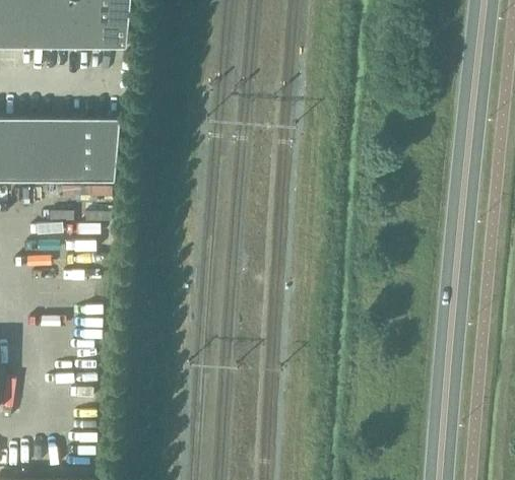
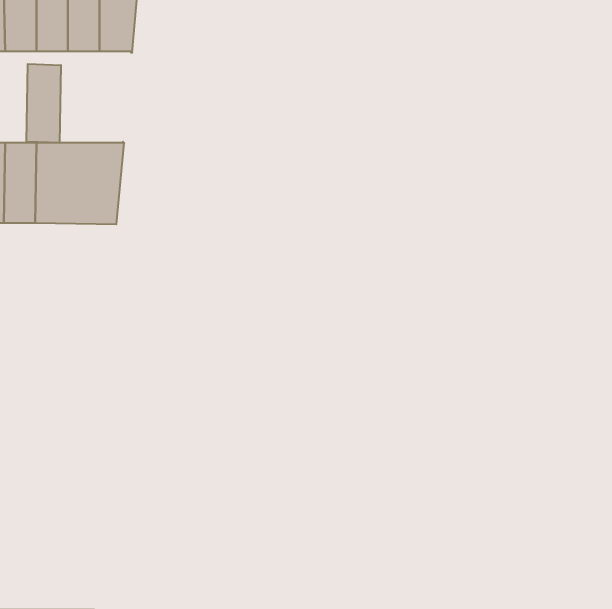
building: none -> [26,64,61,143]

